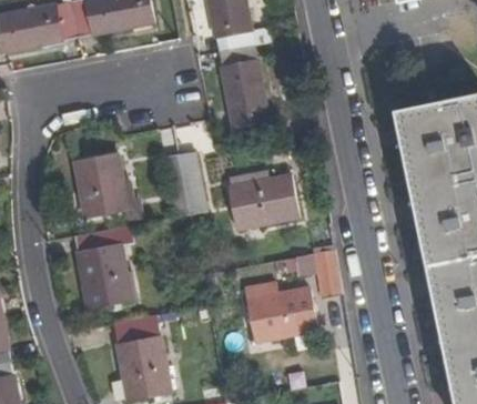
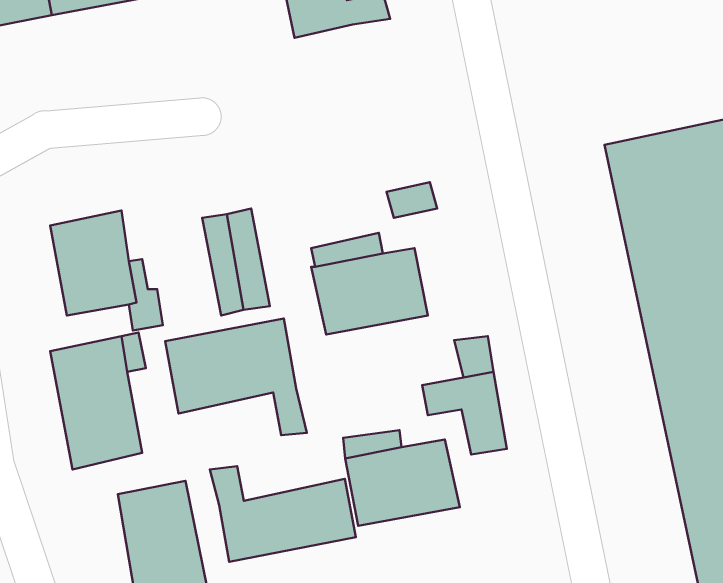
building: [219,43,268,125] -> none
building: none -> [165,319,307,435]
building: none -> [210,466,356,562]

